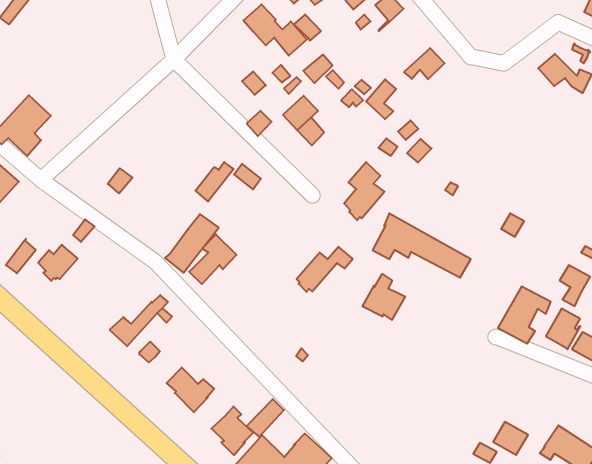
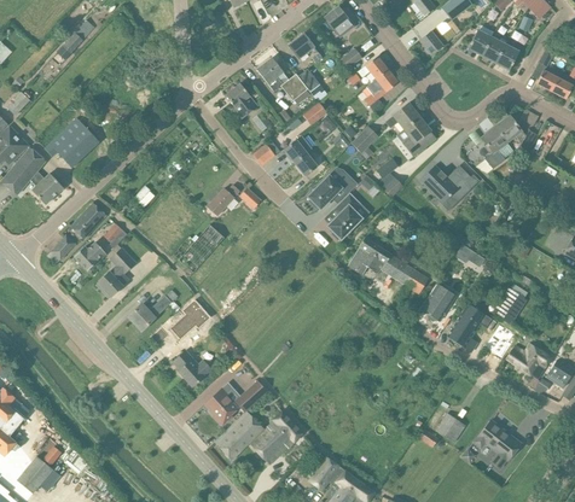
building: none -> [364,70,397,112]
building: none -> [225,83,256,117]
building: none -> [401,117,435,154]
building: none -> [481,127,512,169]
building: none -> [419,164,478,203]
building: none -> [70,203,105,239]
building: [189,234,237,284] -> [170,299,210,339]
building: [297,247,353,292] -> [308,173,355,208]
building: none -> [97,247,135,298]
building: none -> [422,285,454,321]
building: [363,274,405,320] -> none

